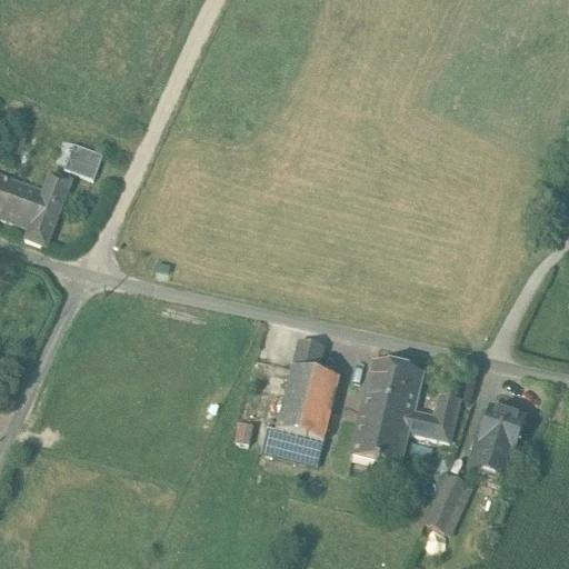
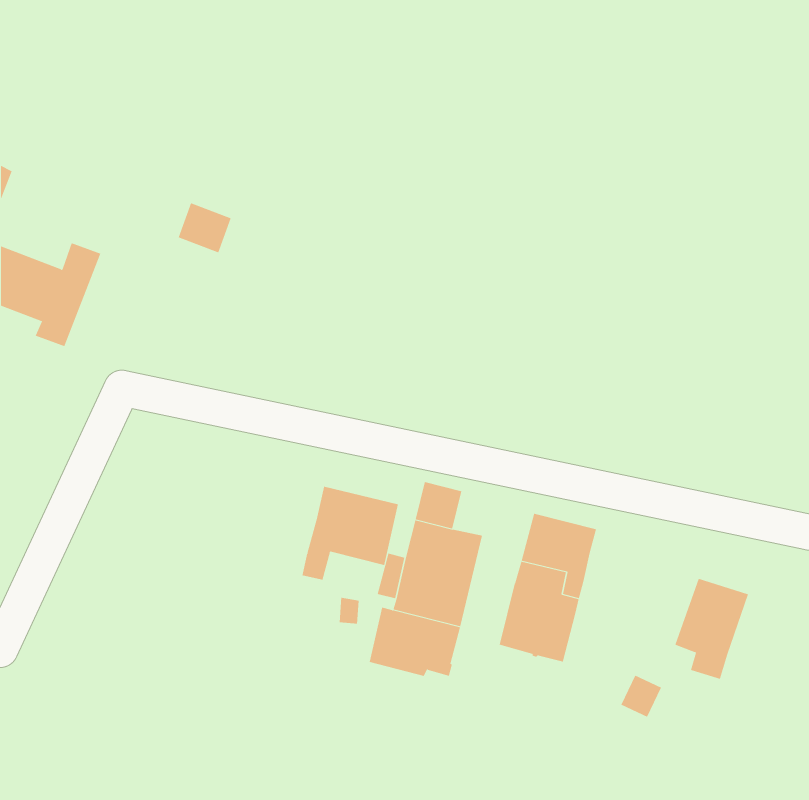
building: [64,141,102,177] -> [178,202,232,253]
building: none -> [302,486,398,580]
building: [405,393,458,441] -> none
building: [425,495,455,530] -> none

